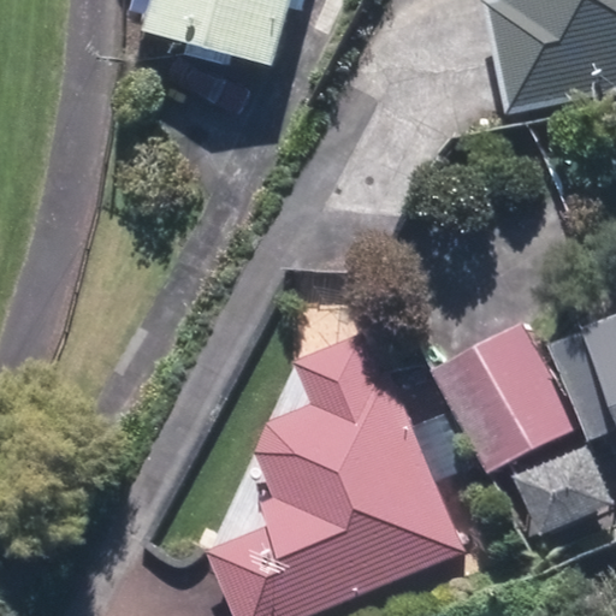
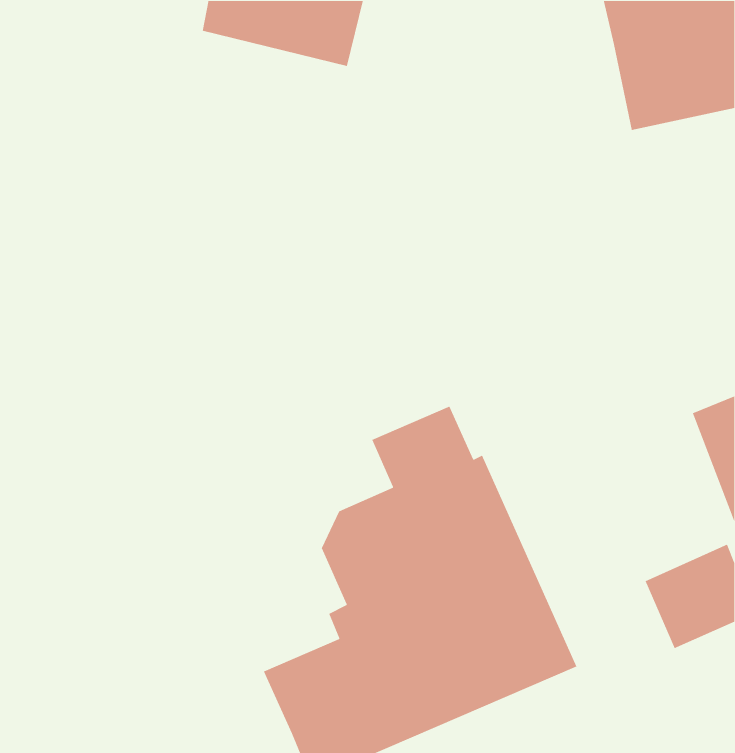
building: [440,326,571,466] -> none

